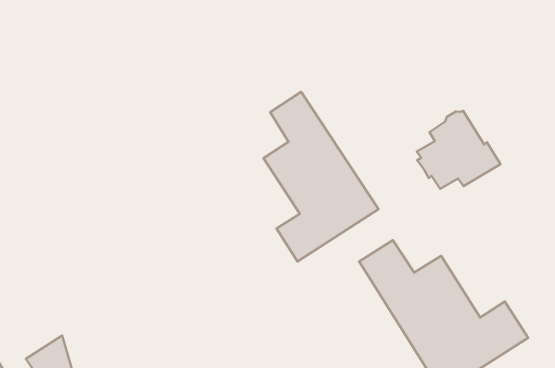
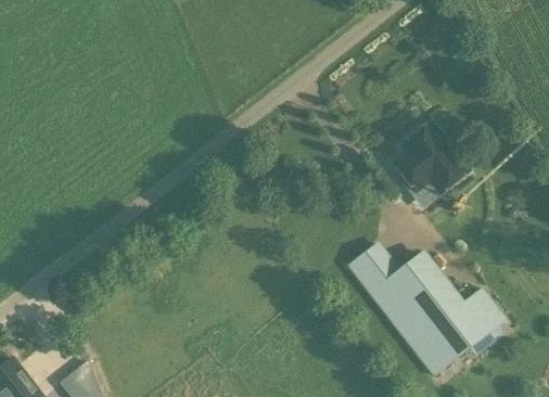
building: [264,92,379,262] -> none

